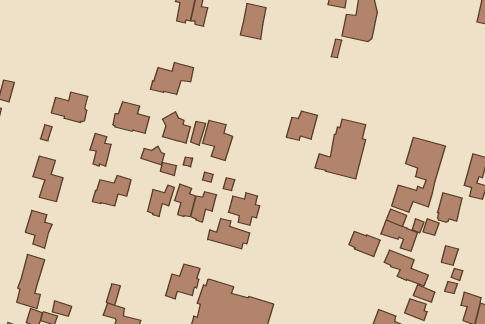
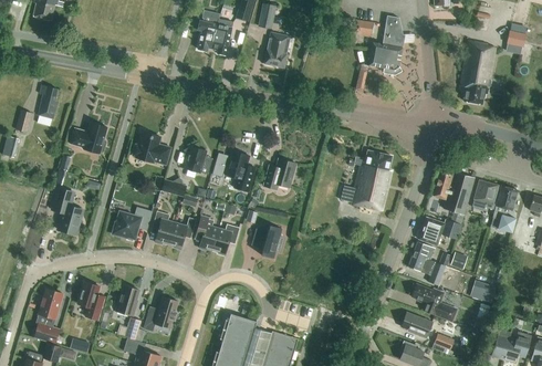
building: none -> [460,41,496,104]
building: none -> [39,85,59,118]
building: [150,62,194,95] -> none
building: [286,111,318,140] -> [264,159,296,189]
building: [90,134,111,166] -> [153,211,175,244]
building: [437,193,462,222] -> [473,180,499,210]
building: [25,210,52,248] -> [79,282,106,321]
building: [208,218,250,249] -> none
building: [349,232,380,257] -> [402,313,434,338]
building: none -> [116,285,140,316]
building: [165,264,200,299] -> [144,296,179,332]

